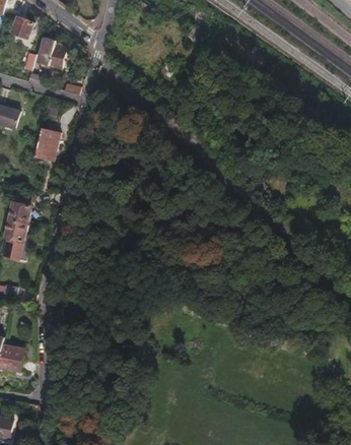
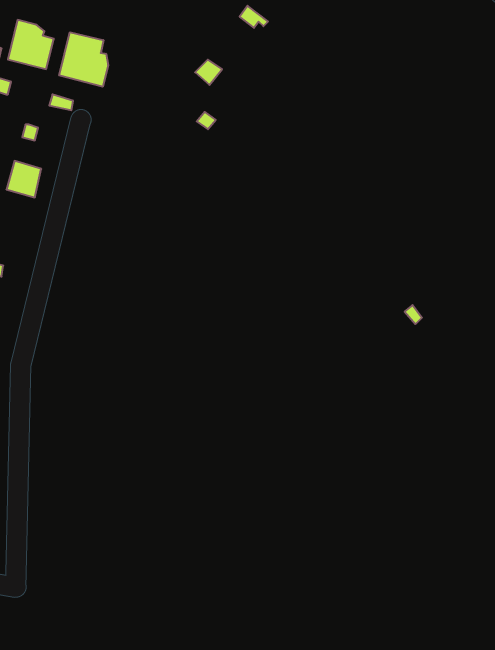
building: none -> [59,32,108,87]

